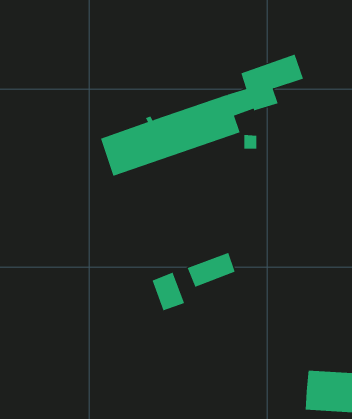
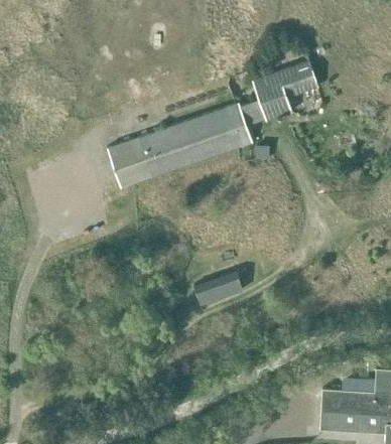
building: [152,272,185,311] -> none

